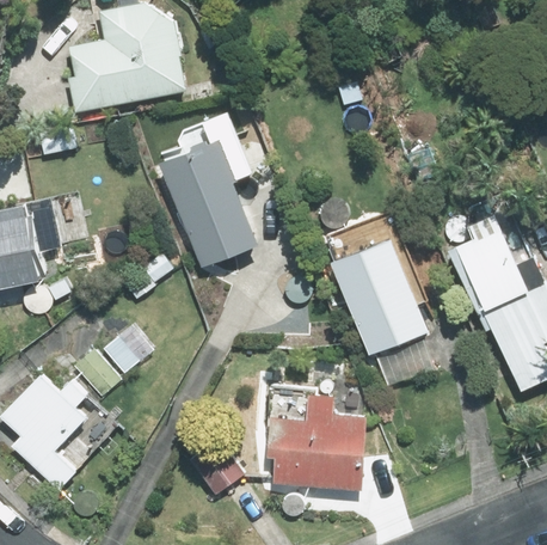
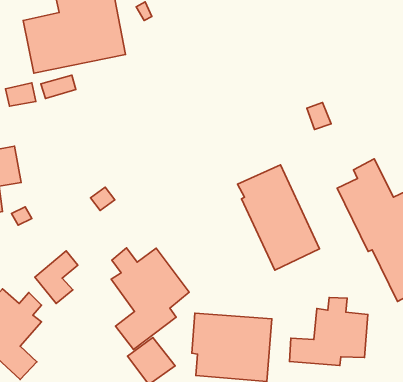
building: [158,140,254,265] -> none
building: none -> [111,248,189,350]
building: none -> [289,297,368,365]

